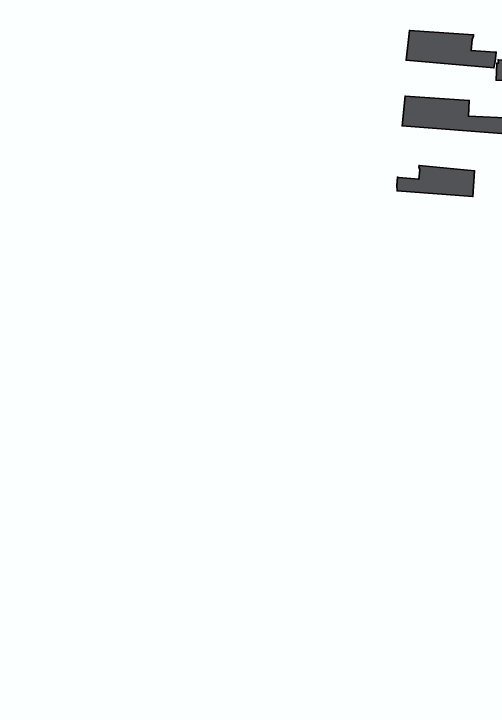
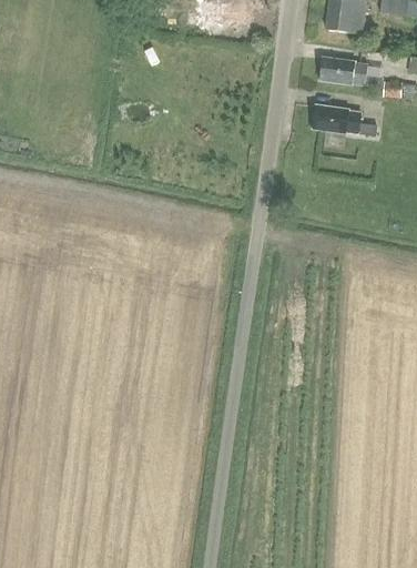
building: [397,166,475,197] -> none

